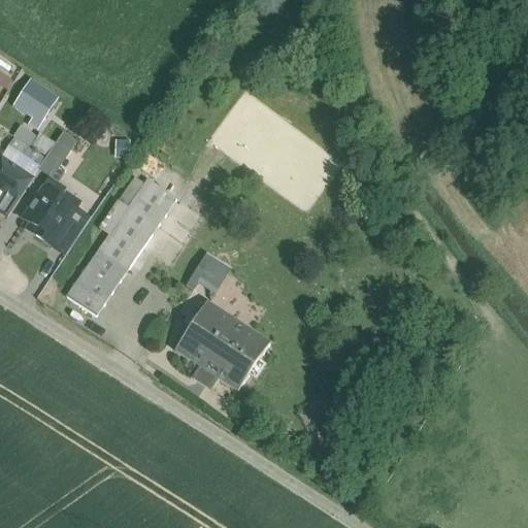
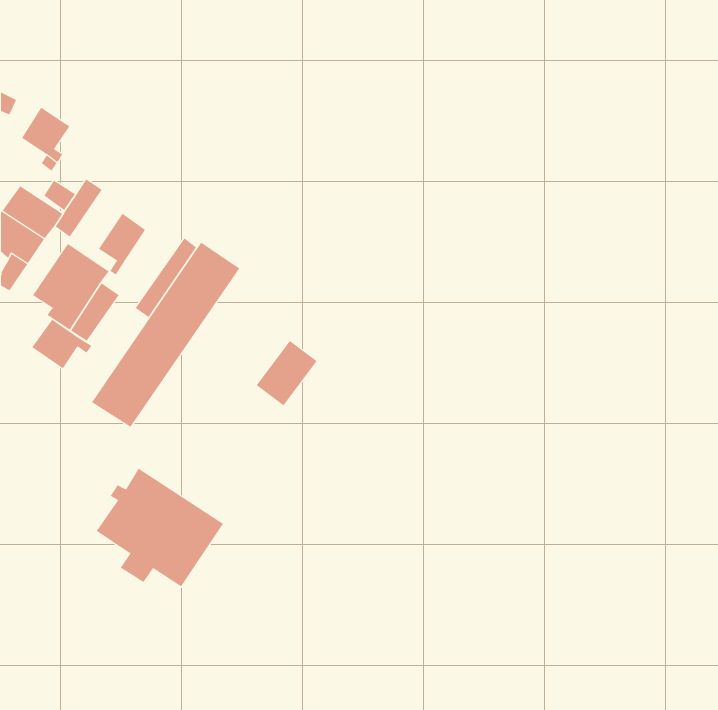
building: none -> [98,213,146,276]
building: none -> [31,319,92,369]
building: [175,301,269,389] -> [96,468,224,587]

